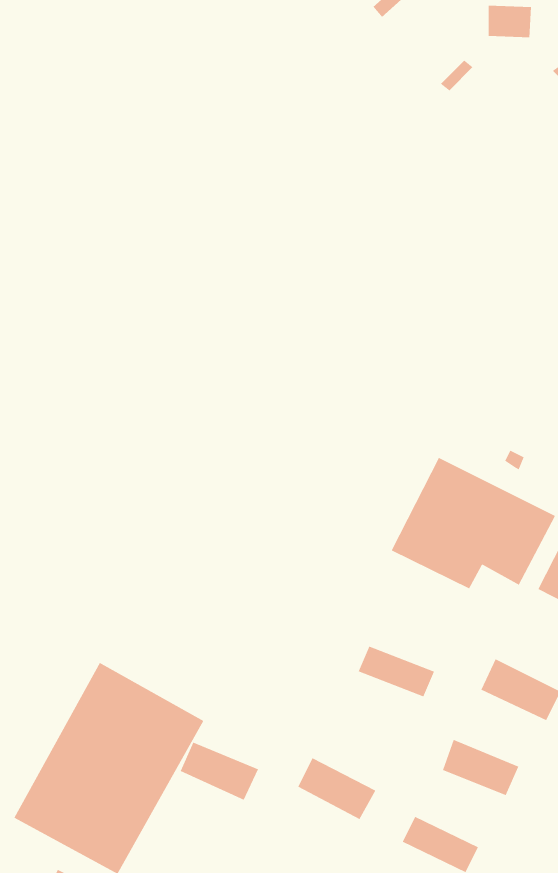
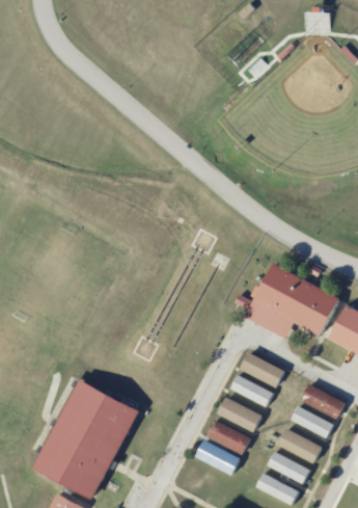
building: none -> [238,349,282,383]
building: none -> [215,394,259,428]
building: none -> [287,402,330,434]
building: [180,742,259,800] -> [203,417,248,450]
building: none -> [264,450,306,478]

